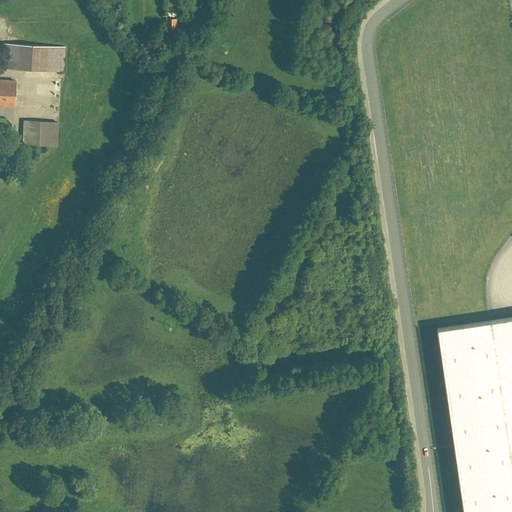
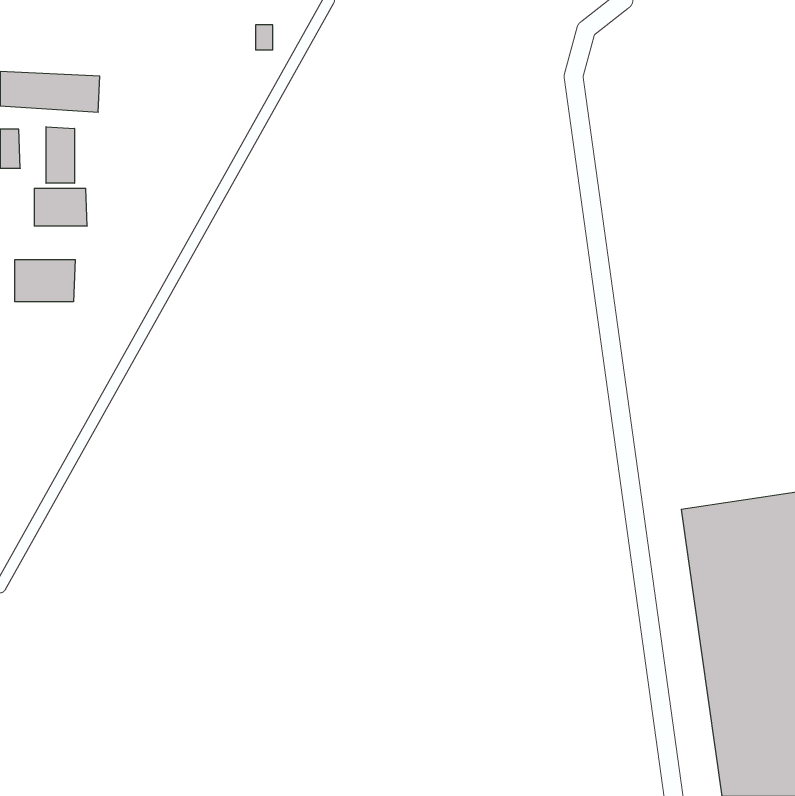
building: none -> [46,127,74,183]
building: none -> [15,260,75,302]

